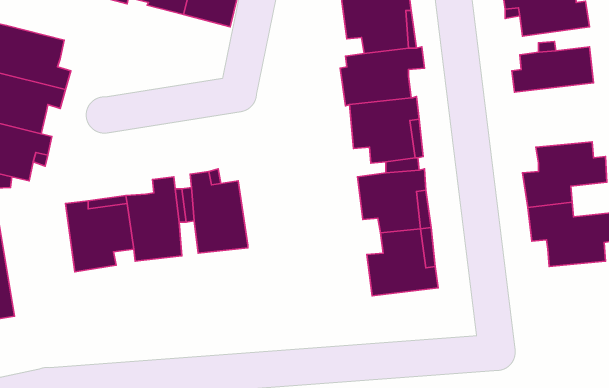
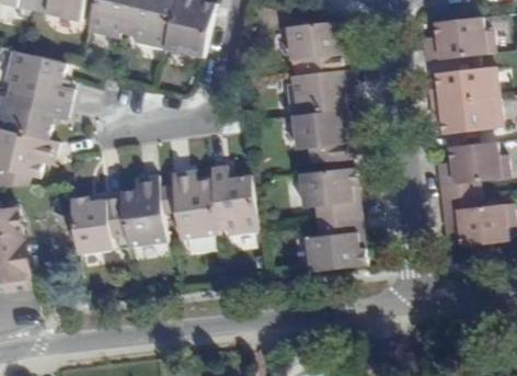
building: none -> [434,98,503,134]
building: none -> [206,164,255,235]

